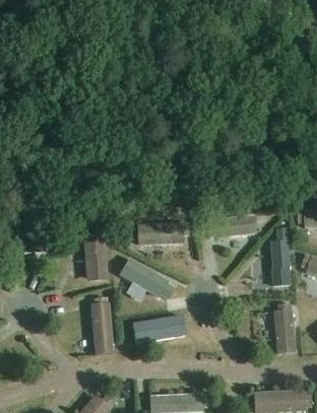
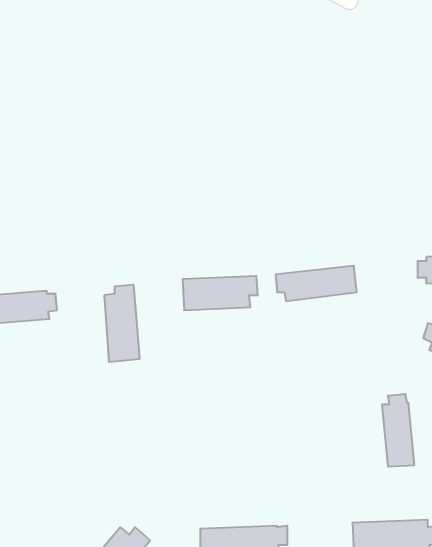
building: [270,229,292,286] -> none
building: [121,259,174,298] -> none
building: [90,297,113,352] -> none
building: [132,316,187,344] -> none

